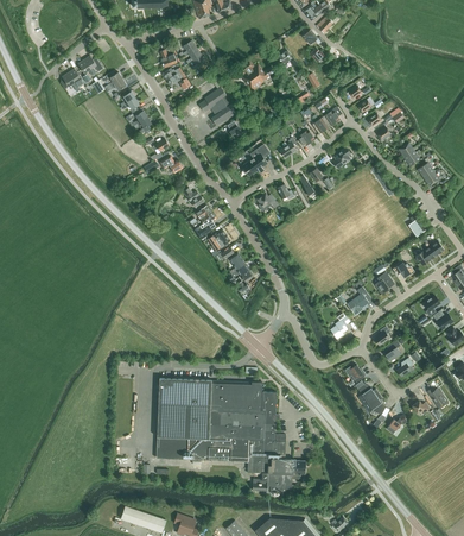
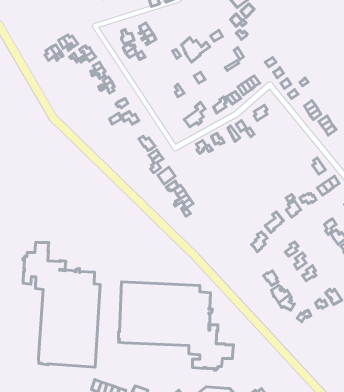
building: [198,87,236,126] -> none
building: none -> [23,242,100,367]

